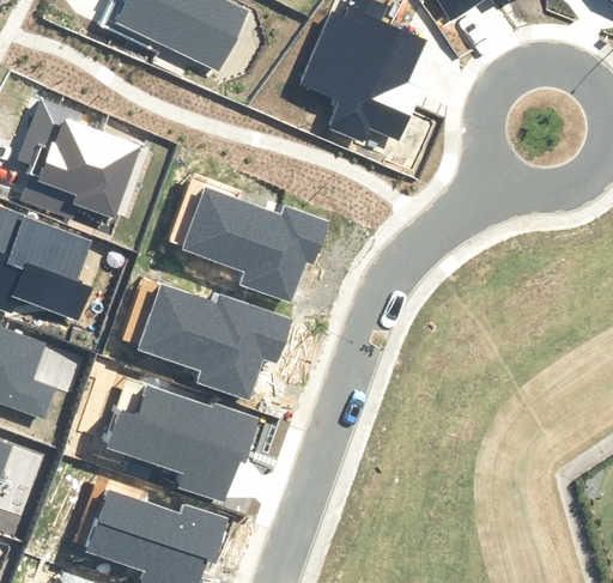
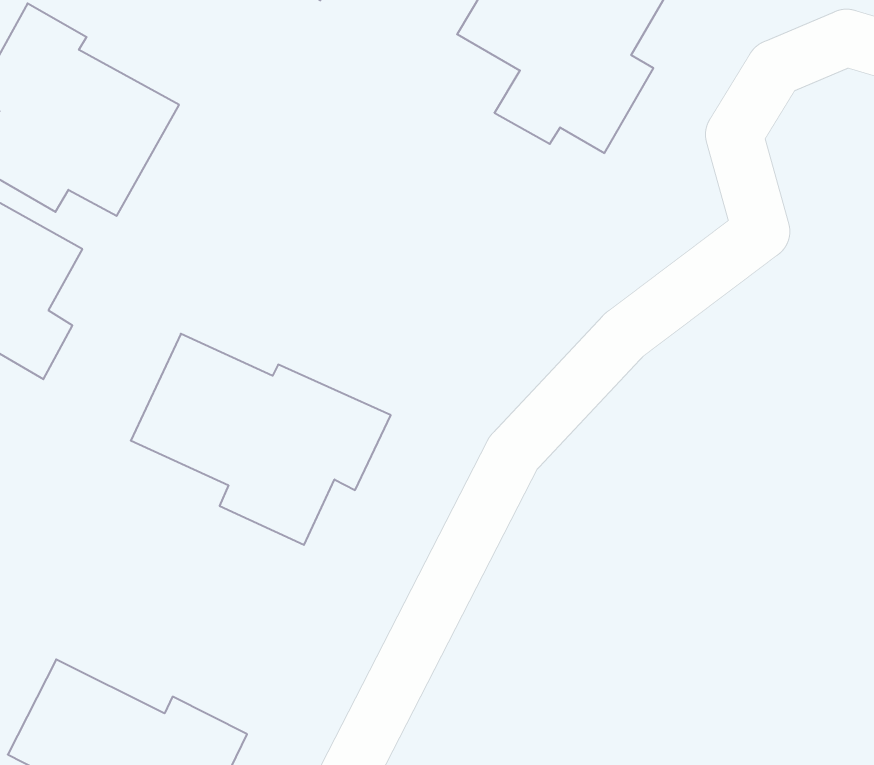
building: [178,187,328,302] -> none
building: [105,383,261,503] -> none

